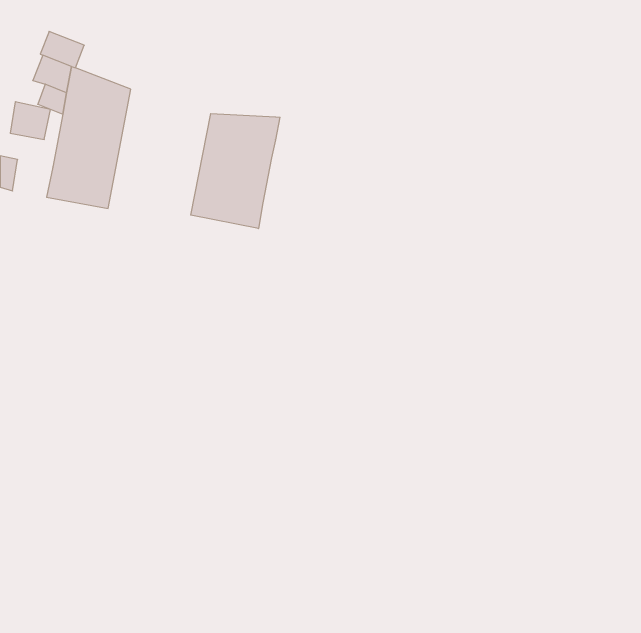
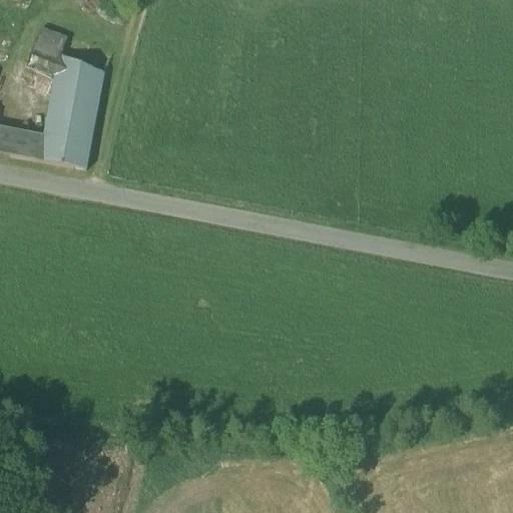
building: [10,102,50,139] -> [11,127,43,157]
building: [191,114,280,229] -> none

